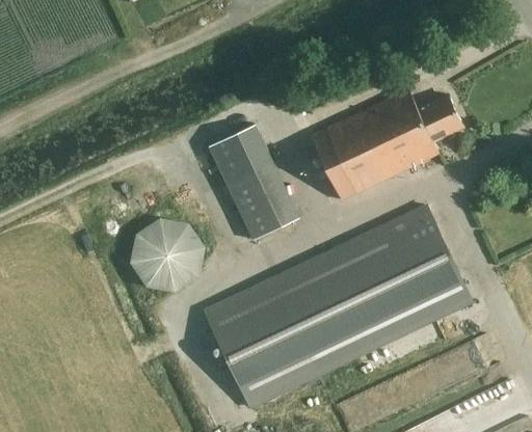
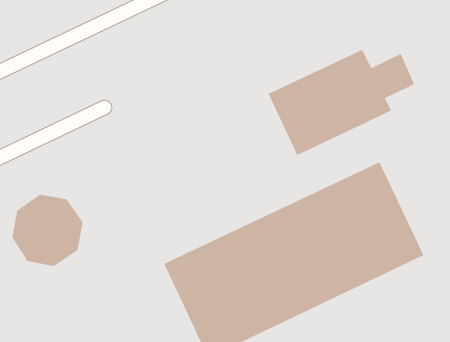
building: [209,123,300,239] -> none
building: [131,218,205,293] -> [12,194,83,267]

